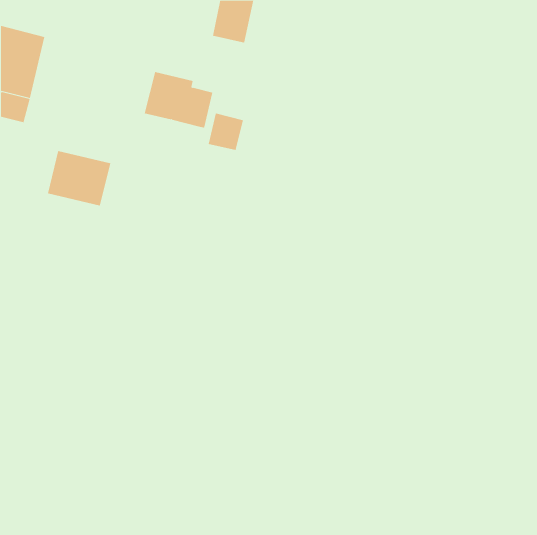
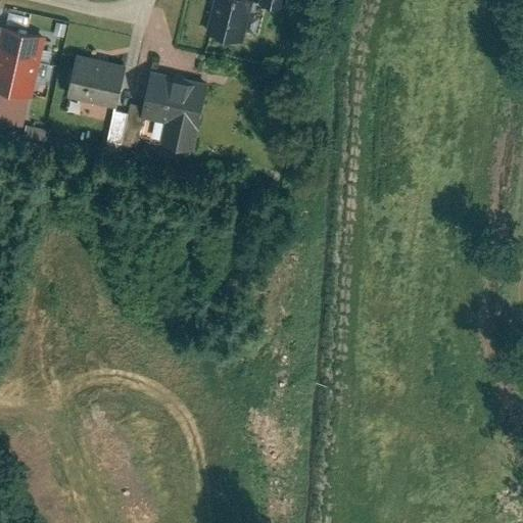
building: [208,113,244,151] -> [159,118,194,155]
building: [47,151,111,206] -> [65,55,128,109]

